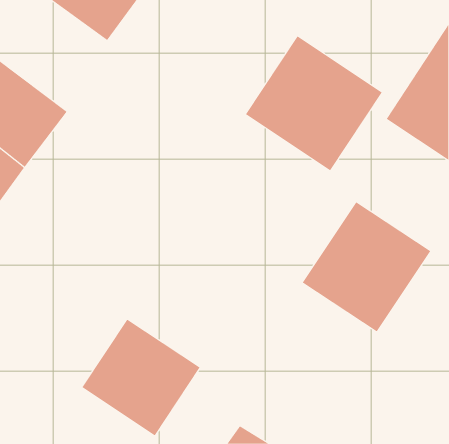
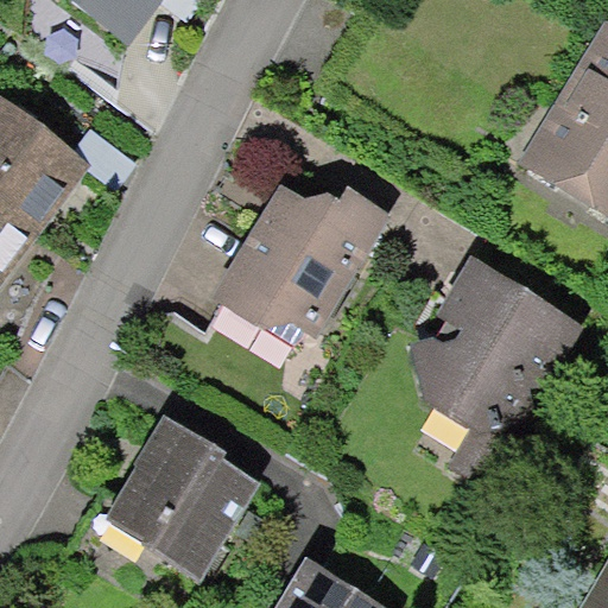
building: [245,36,383,171] -> none
building: none -> [217,153,392,340]

